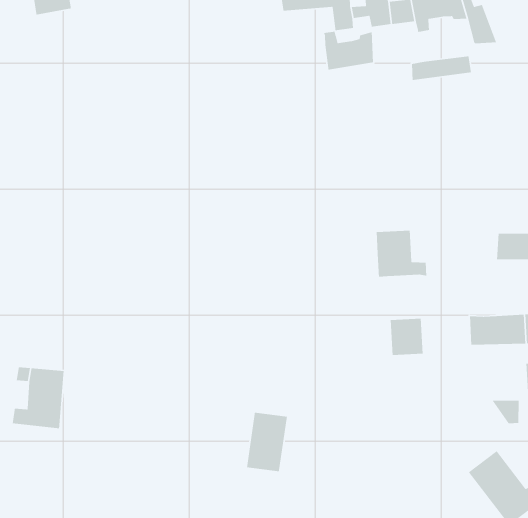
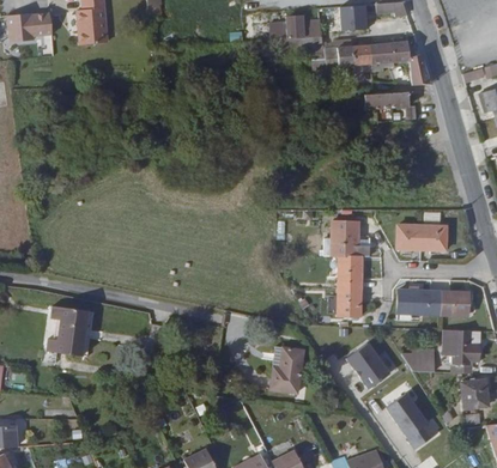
building: [323,31,374,71] -> none
building: none -> [395,225,423,247]
building: none -> [338,255,362,287]
building: none -> [352,340,395,385]
building: [246,412,288,472] -> [271,345,304,391]

